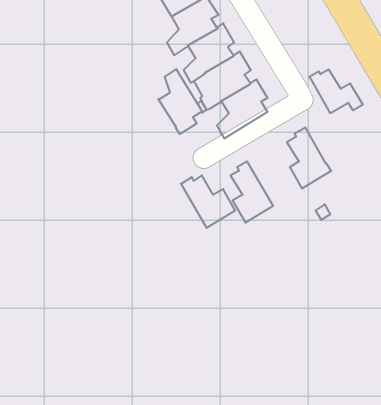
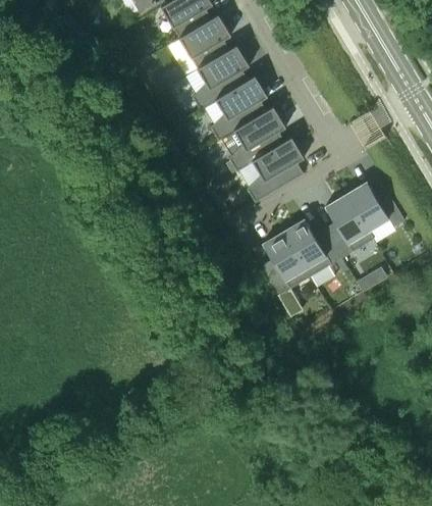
building: [158,69,202,134] -> none
building: [309,70,363,113] -> [345,183,404,231]
building: [181,175,235,228] -> [281,219,341,277]

